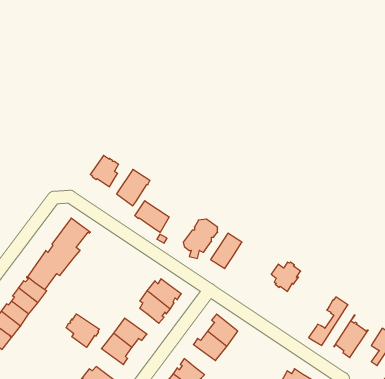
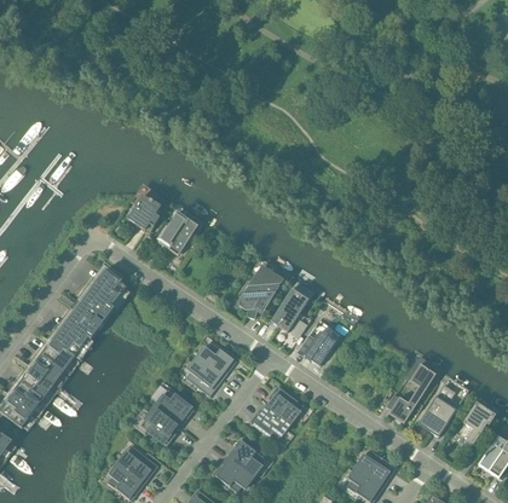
building: [135,201,169,232] -> none
building: [271,262,301,291] -> [300,330,335,365]
building: [66,314,99,347] -> none

